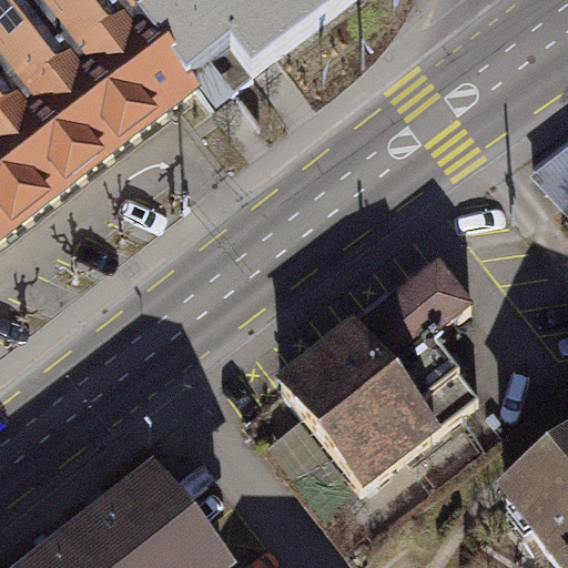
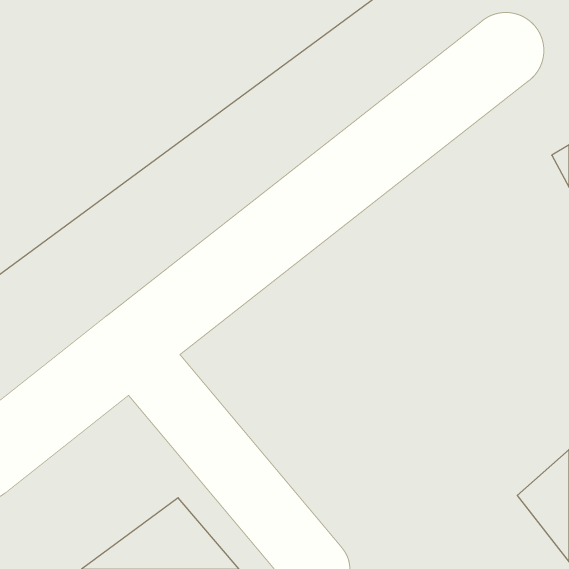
building: [276,252,469,495] -> none

